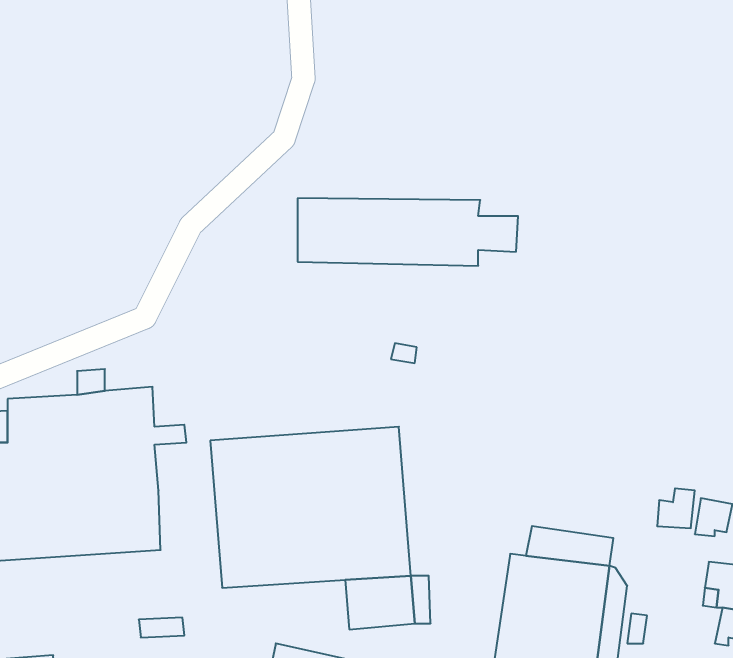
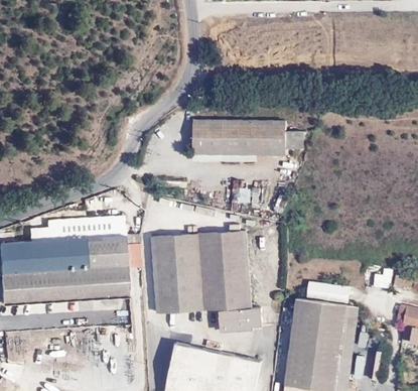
building: none -> [118,242,135,266]

